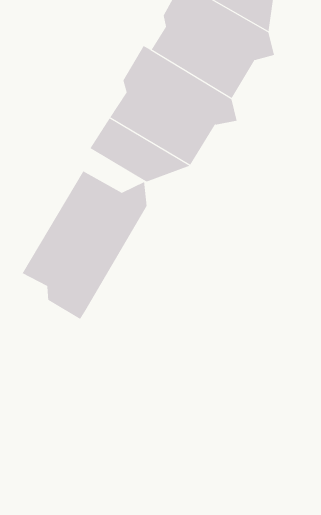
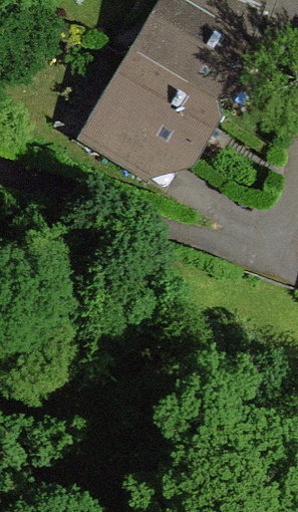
building: [22,170,147,320] -> none

